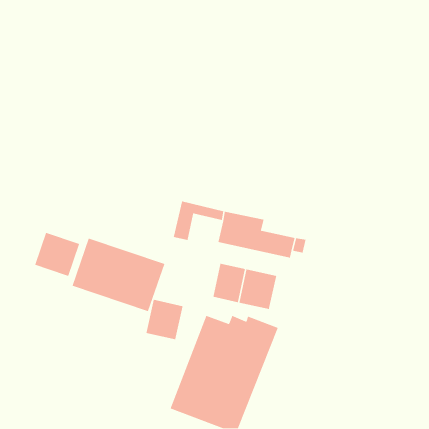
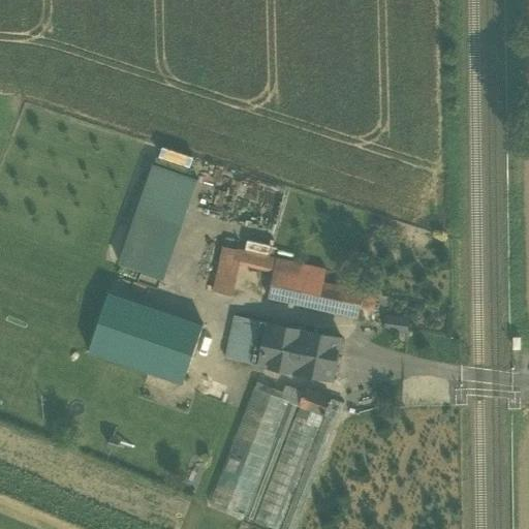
building: none -> [119,164,197,279]
building: [34,232,80,277] -> none
building: [146,299,183,340] -> [224,315,271,366]

